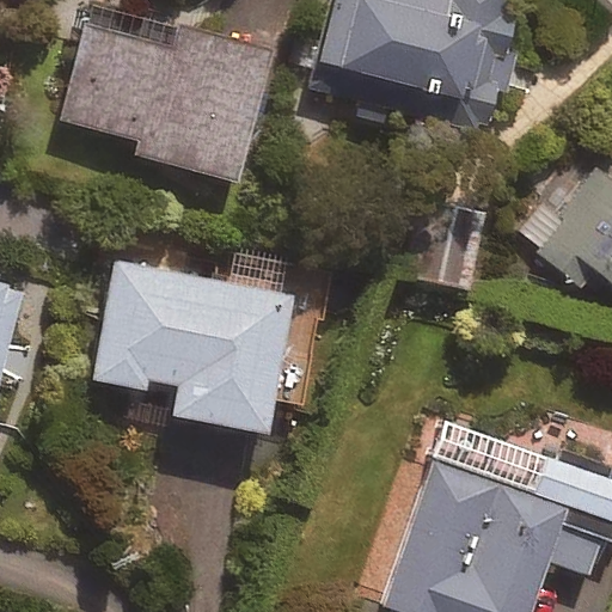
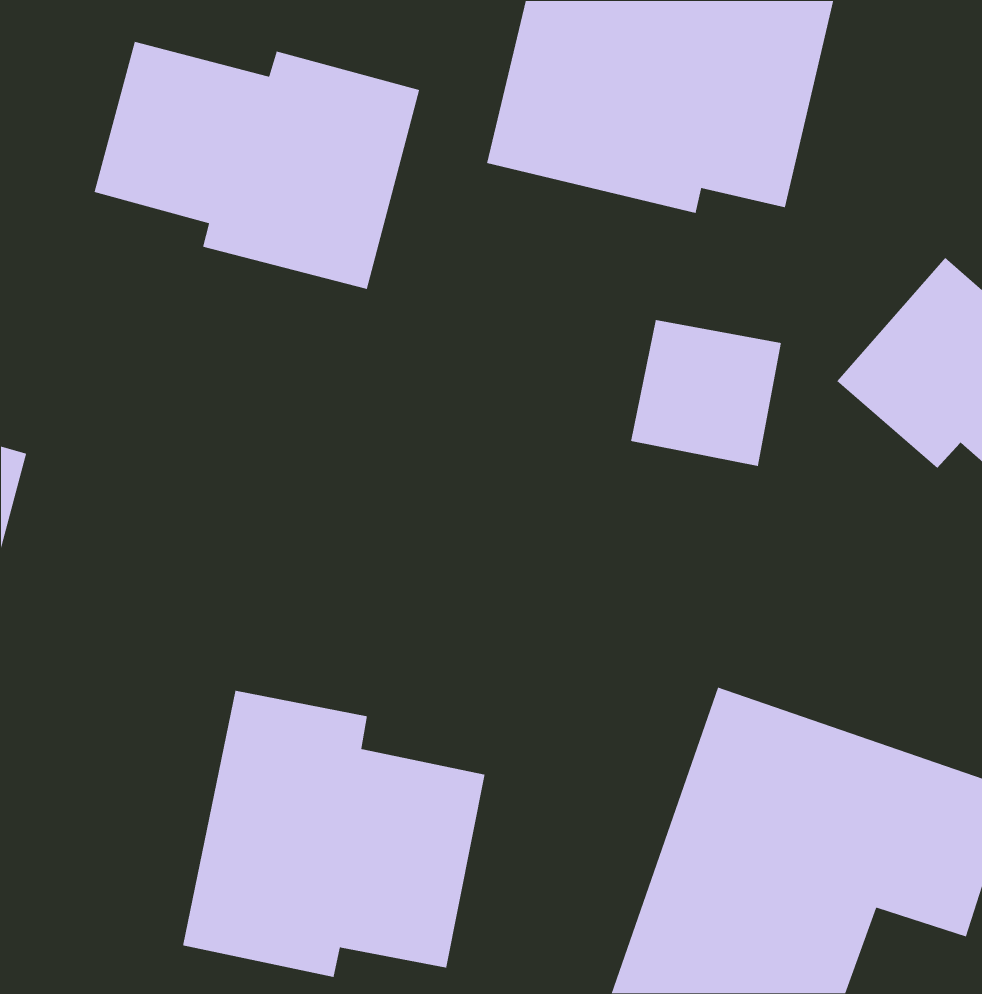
building: [90,245,320,429] -> none
building: none -> [182,690,486,978]

